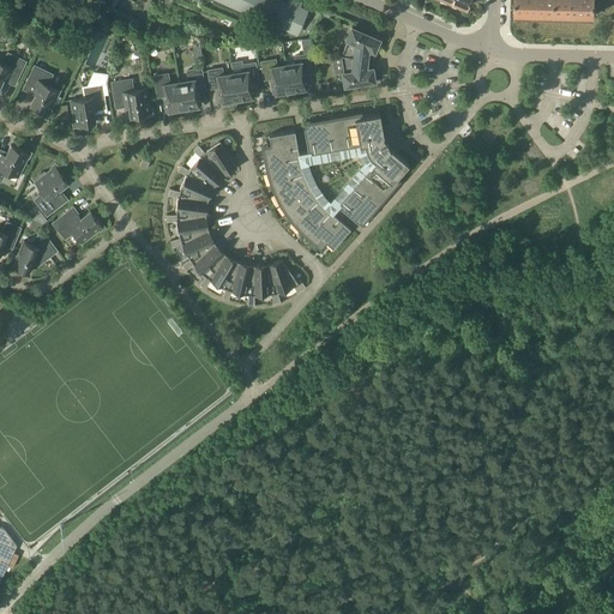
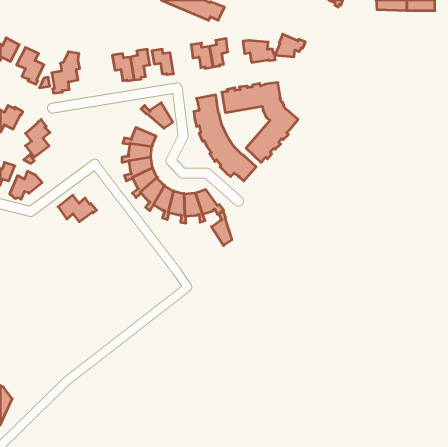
building: [341,29,383,60] -> [275,34,305,57]
building: [233,64,258,103] -> none
building: [112,80,152,119] -> none
building: [177,157,224,188] -> none
building: [53,209,106,245] -> [58,195,97,222]
building: none -> [211,211,232,246]

